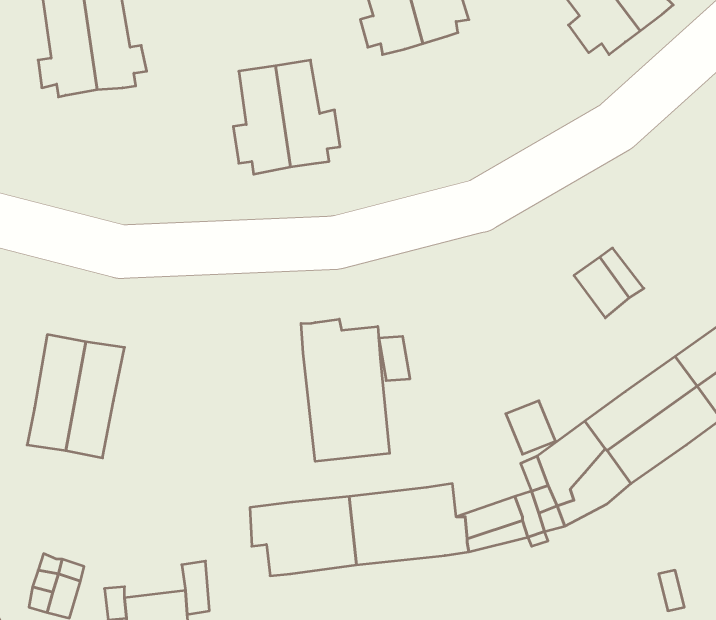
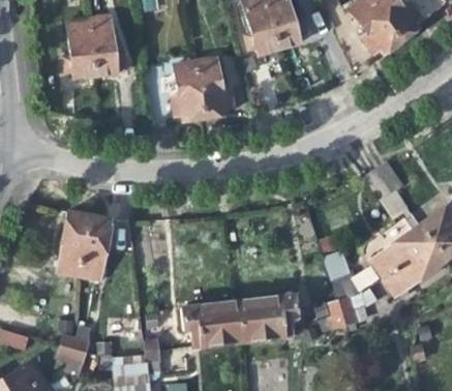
building: [301,319,390,461] -> none

